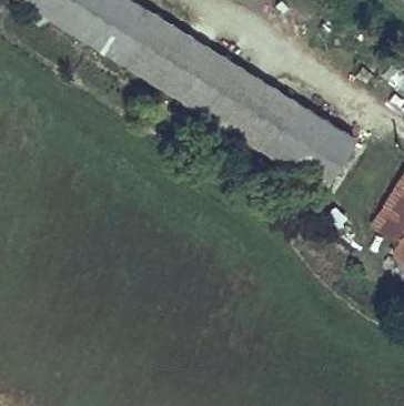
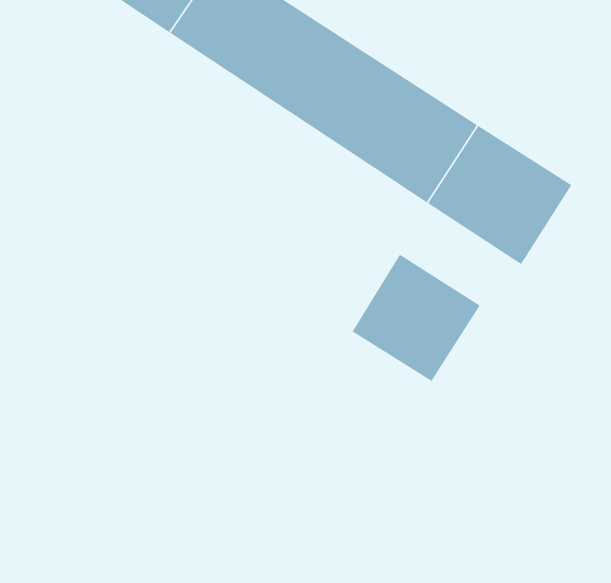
building: none -> [352,254,480,382]

